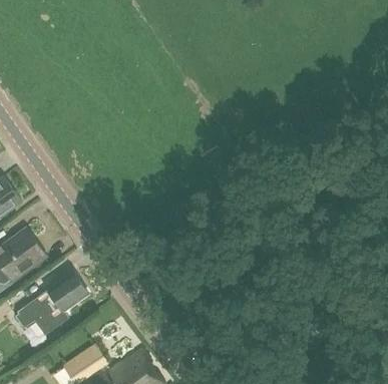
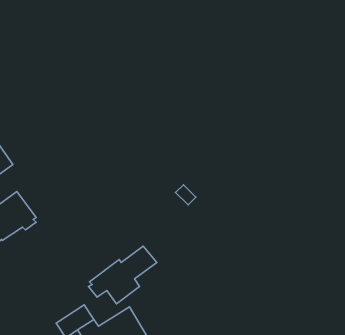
building: [15,274,86,334] -> [88,246,157,304]

